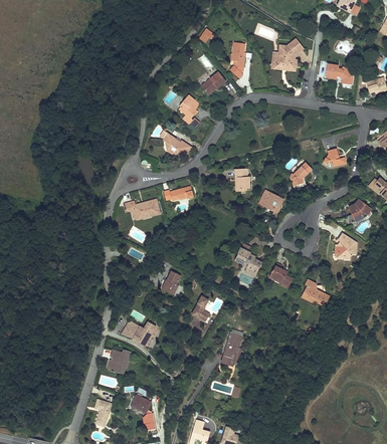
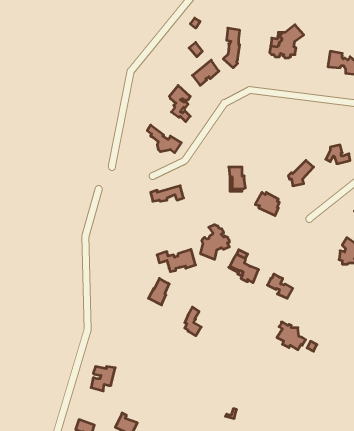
building: [125,199,160,219] -> [157,249,196,272]
building: none -> [201,225,229,259]
building: [303,280,329,305] -> [277,322,306,350]
building: [121,320,155,346] -> none
building: [221,332,241,366] -> none

